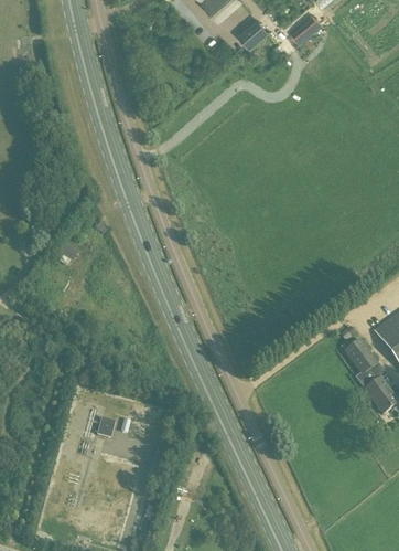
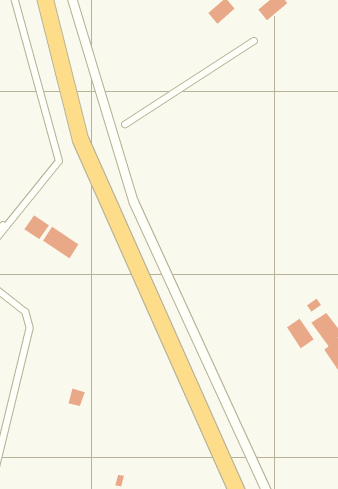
building: none -> [42,226,80,259]
building: none -> [286,318,315,349]

